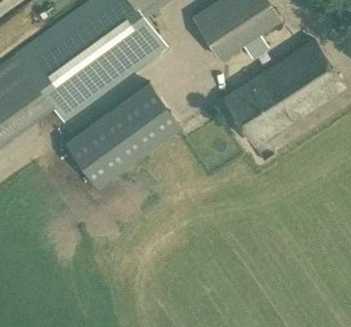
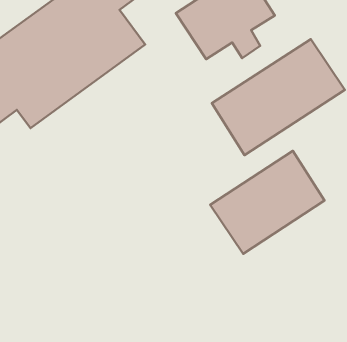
building: [65,84,181,188] -> none
building: none -> [210,151,324,254]

